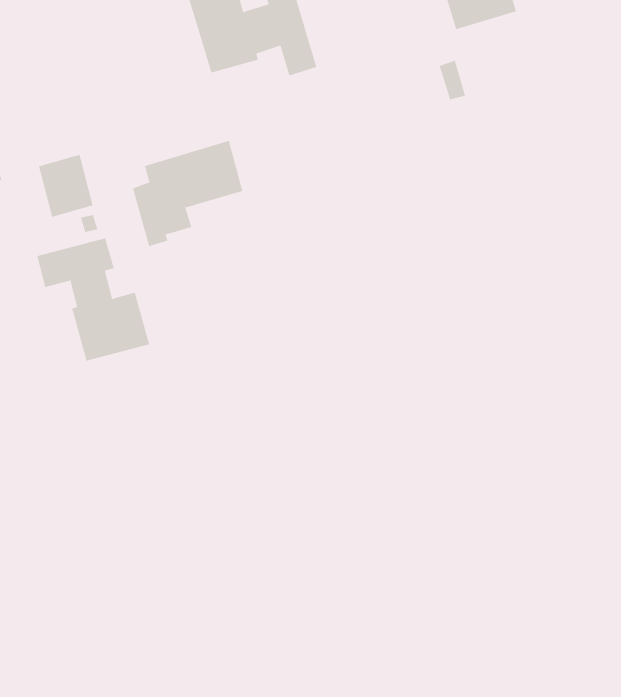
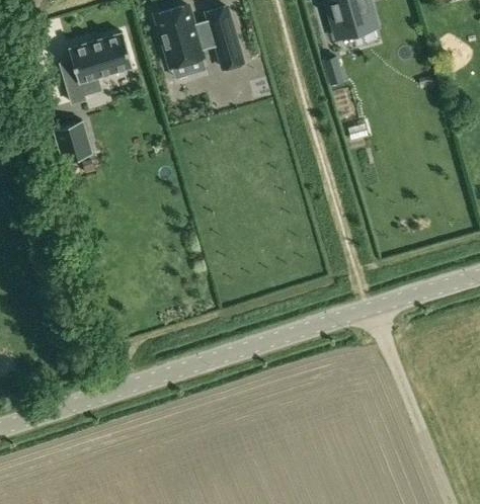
building: [132,140,243,247] -> [59,32,134,104]
building: [37,237,150,361] -> none

